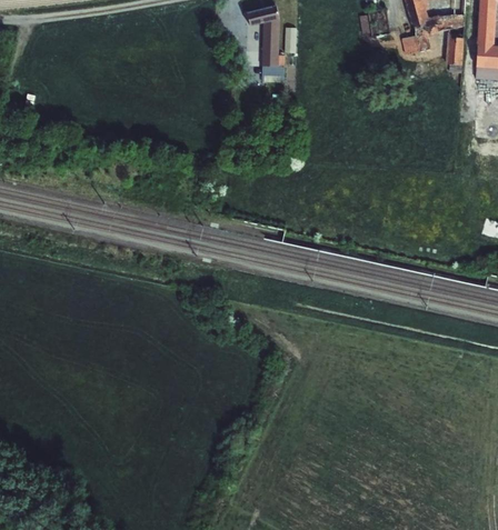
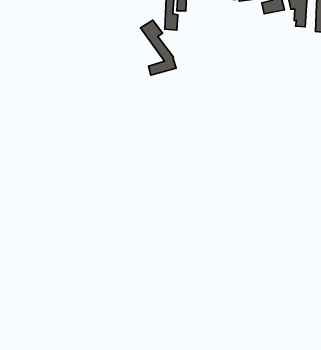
building: none -> [141,20,176,75]

